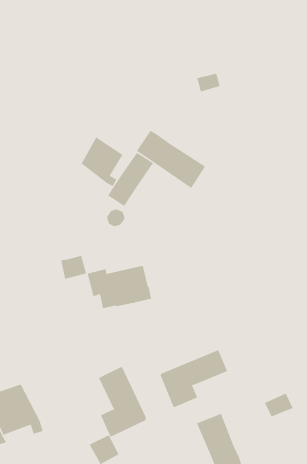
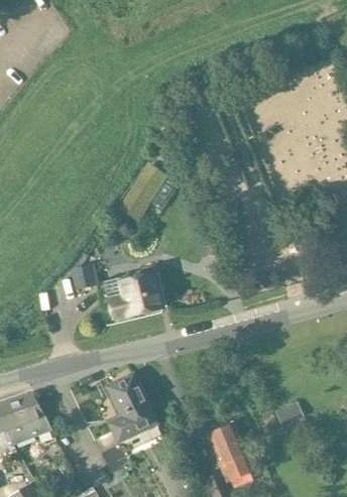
building: [136,130,206,189] -> none
building: [81,136,123,187] -> none
building: [160,350,228,408] -> none

